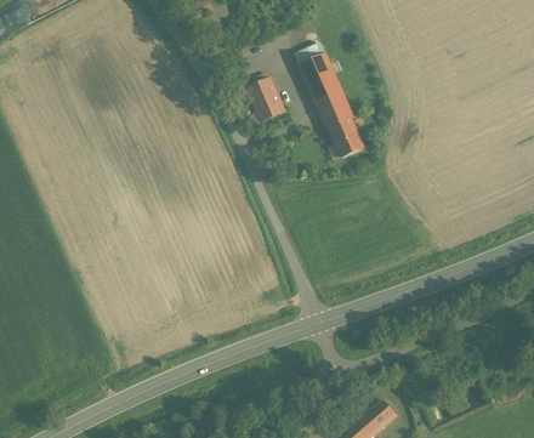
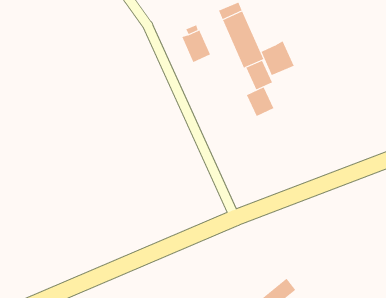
building: none -> [261,41,295,76]
building: none -> [246,87,274,117]

